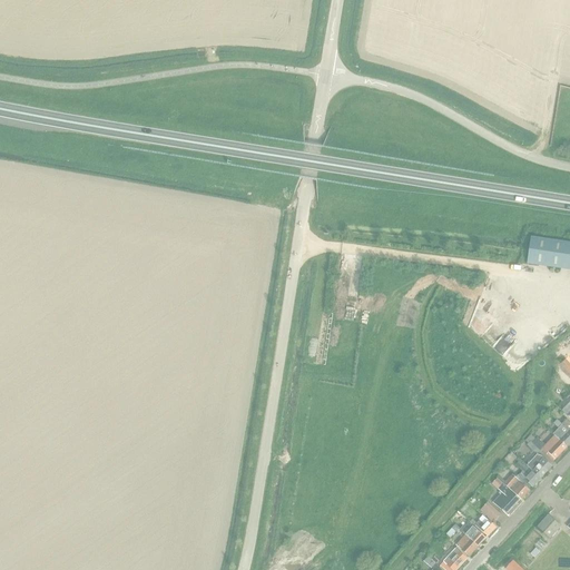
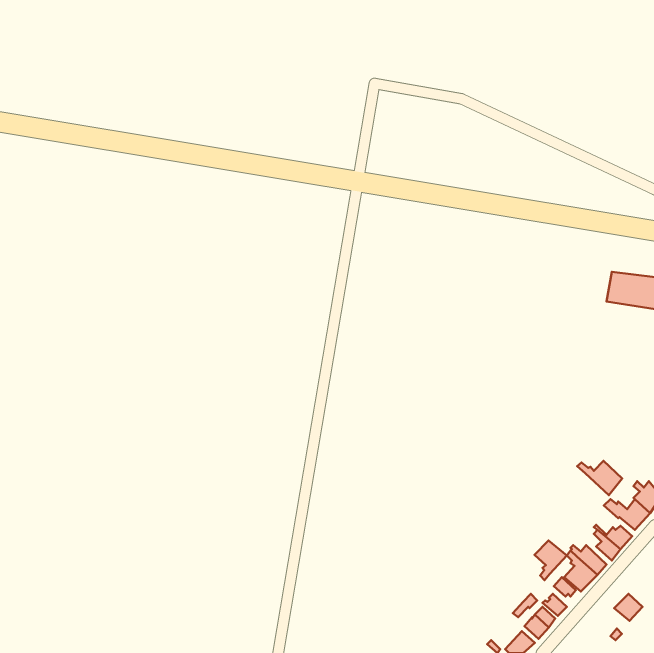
building: none -> [577,461,622,495]
building: none -> [535,540,567,580]

